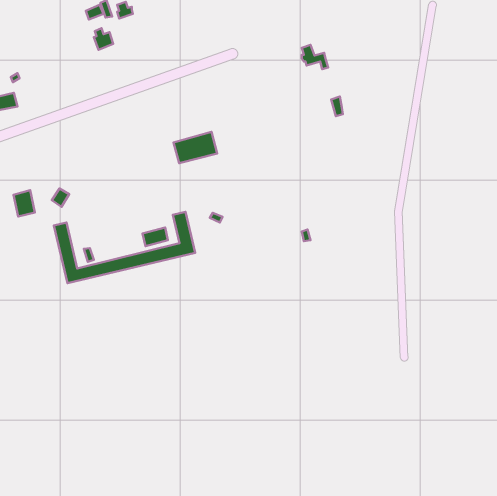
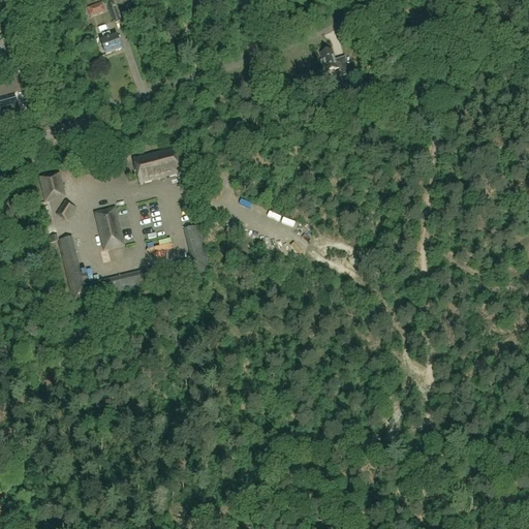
building: [173,132,217,163] -> [132,147,179,180]
building: [13,190,35,216] -> [39,170,62,198]
building: none -> [94,207,121,247]

